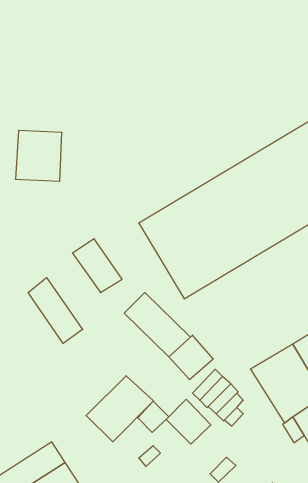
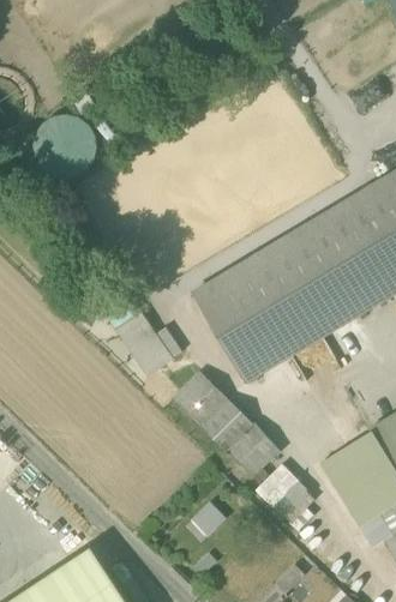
building: [15,131,62,181] -> [37,114,91,173]
building: [28,278,83,343] -> none
building: [86,376,154,442] -> none
building: [166,399,211,444] -> none

